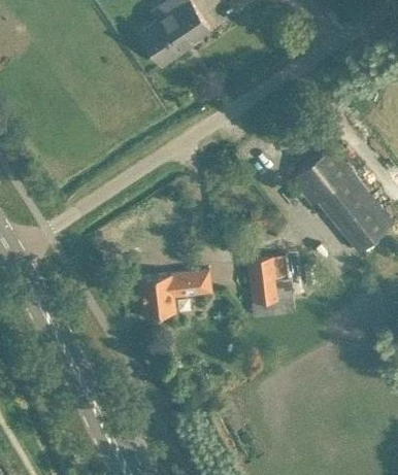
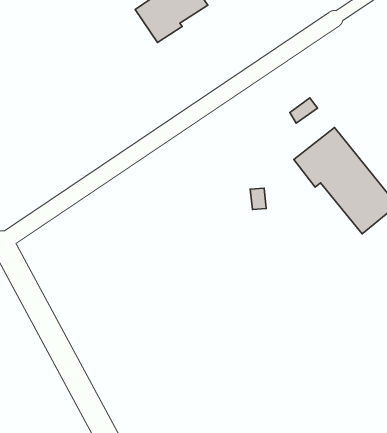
building: [247,256,291,304] -> none
building: [139,271,212,316] -> none

